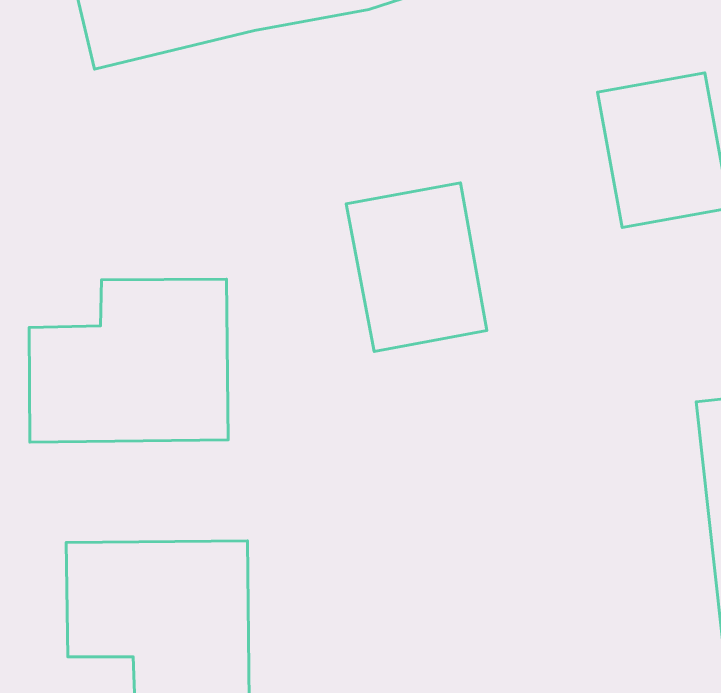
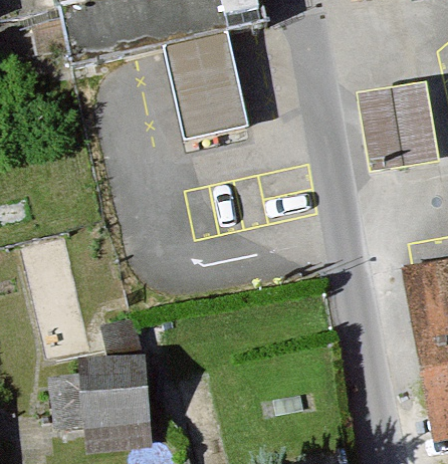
building: [346,183,487,352] -> [163,42,243,139]
building: [29,279,228,442] -> none

